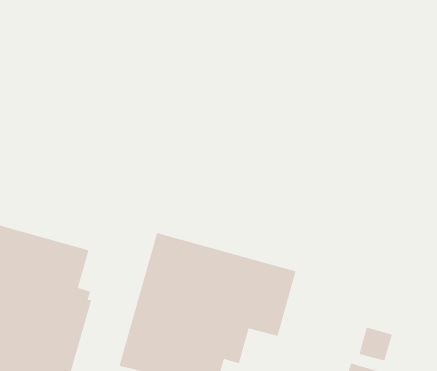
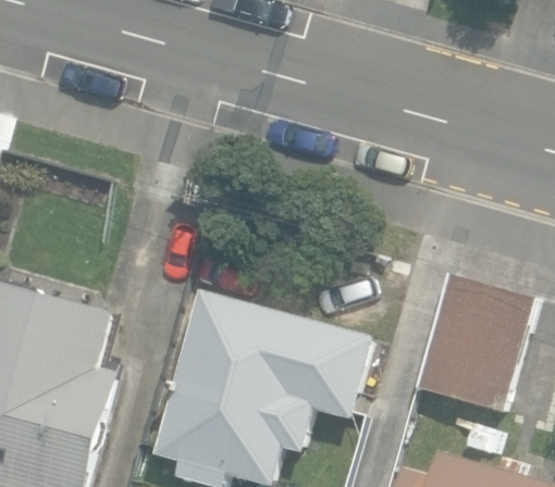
building: none -> [415,274,533,413]

